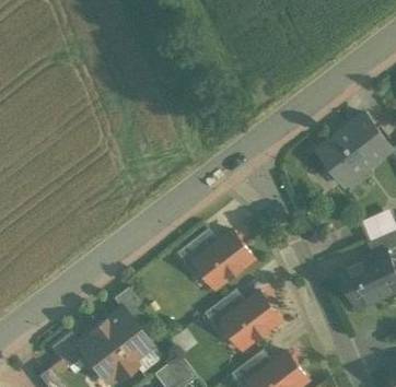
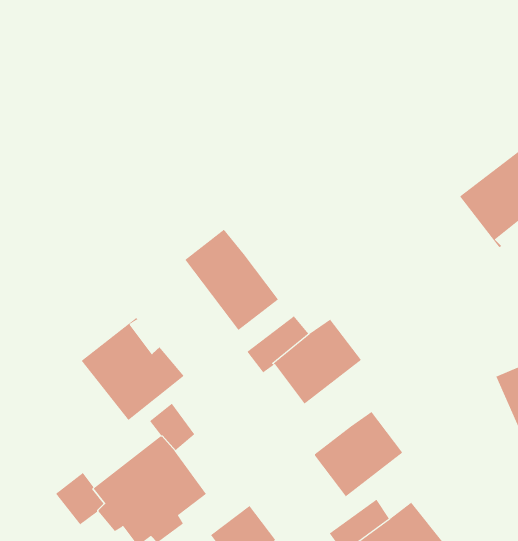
building: none -> [184,229,278,331]
building: none -> [81,317,184,421]
building: [205,291,246,329] -> none

